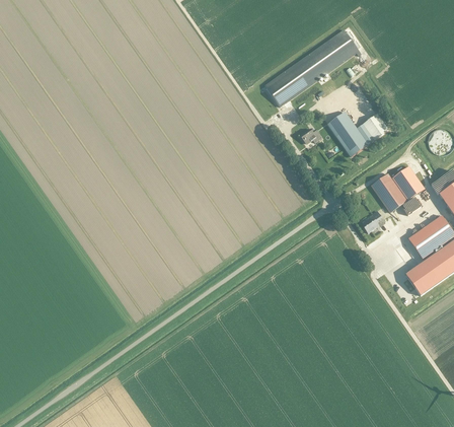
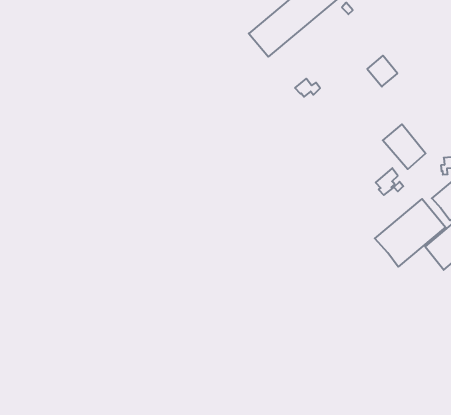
building: [328,112,368,155] -> none
building: [392,165,425,199] -> none
building: none -> [375,199,446,267]

